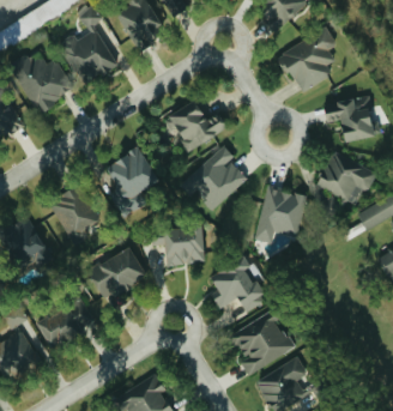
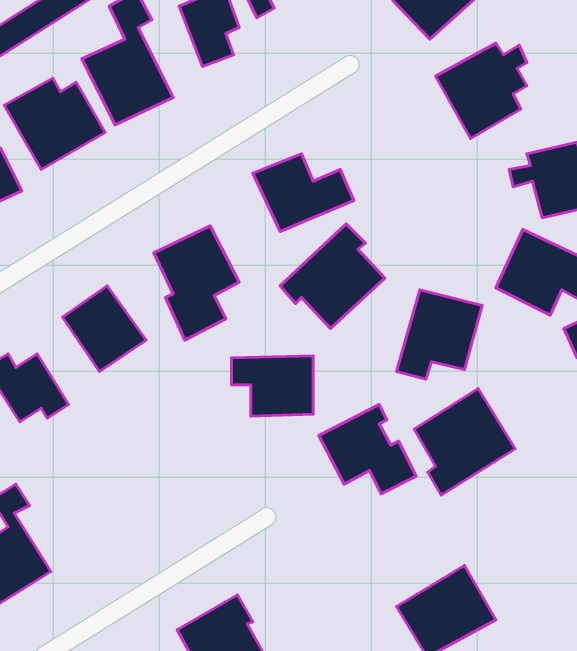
building: [87,247,145,298] -> none
building: [36,295,96,347] -> none
building: [231,309,294,375] -> [414,389,515,495]

